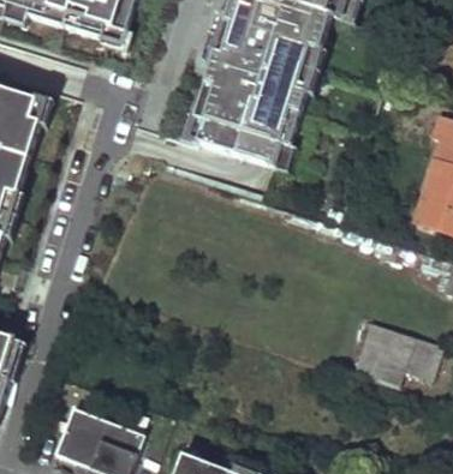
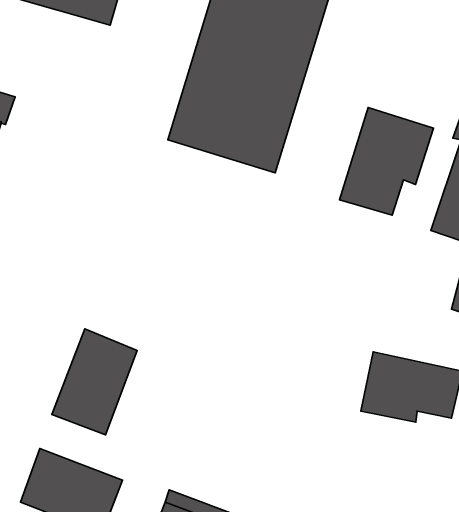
building: none -> [340,108,434,215]
building: none -> [52,329,137,435]

